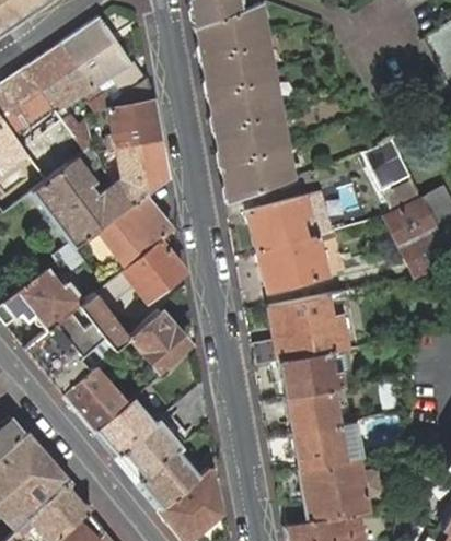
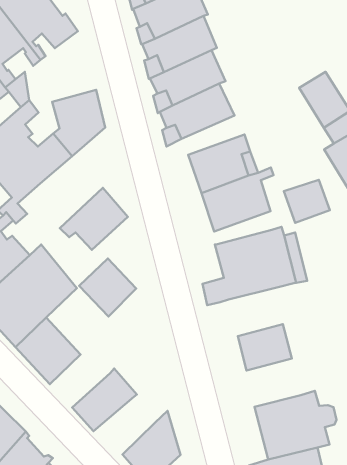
building: [109,79,162,151] -> none
building: [100,196,172,268] -> none
building: none -> [284,180,330,223]
building: [280,351,342,397] -> none
building: [95,398,157,457] -> none
building: [293,423,346,469] -> none
building: [136,450,198,510] -> none

